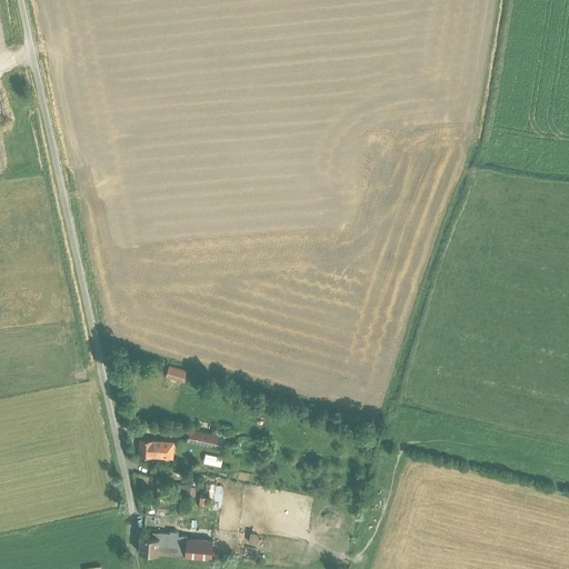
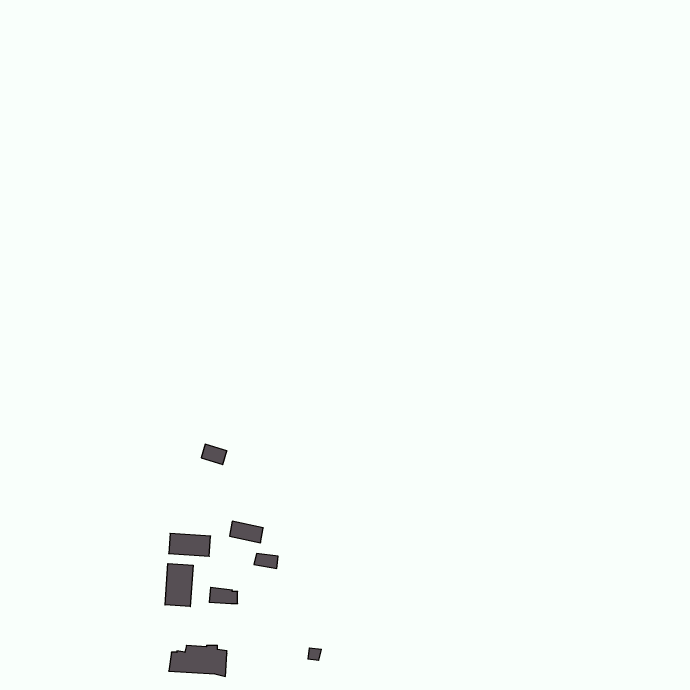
building: none -> [165,564,193,607]
building: [186,538,213,559] -> none

